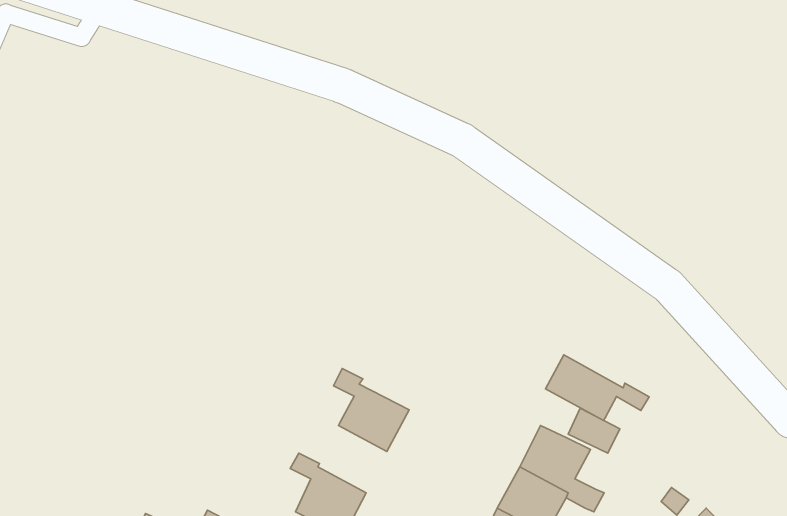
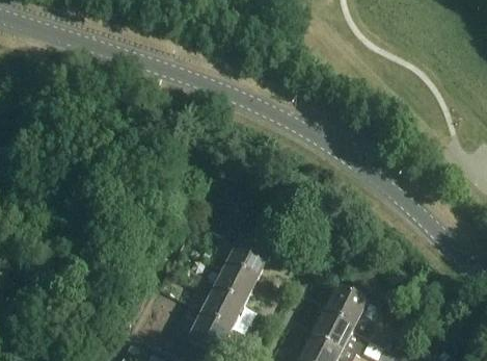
building: none -> [222,229,268,279]
building: [546,355,649,420] -> none
building: none -> [197,280,242,329]

